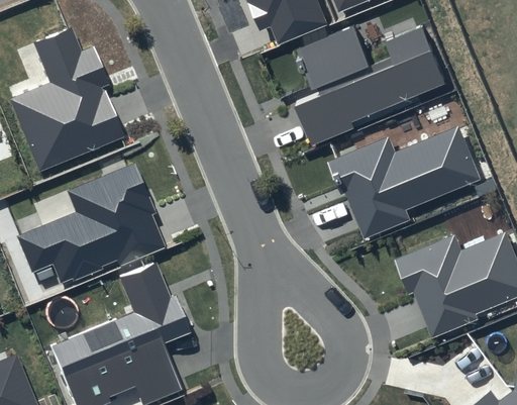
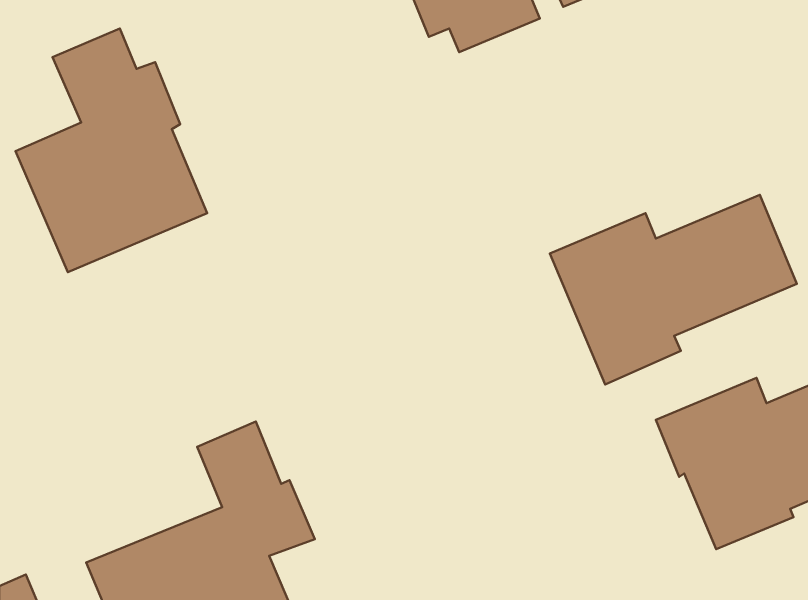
building: [294,26,445,146] -> none
building: [18,163,165,283] -> none

